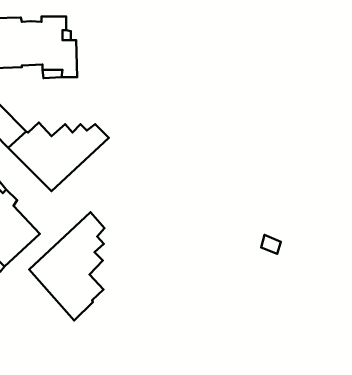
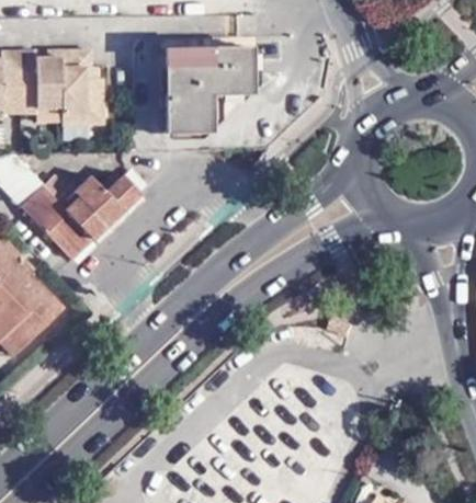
building: none -> [166,50,253,132]
building: [29,212,105,321] -> none

